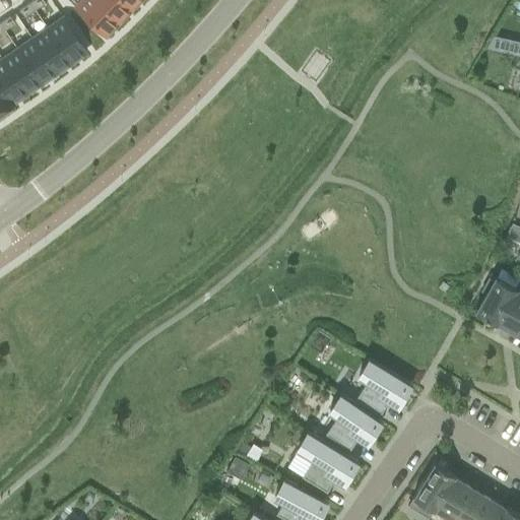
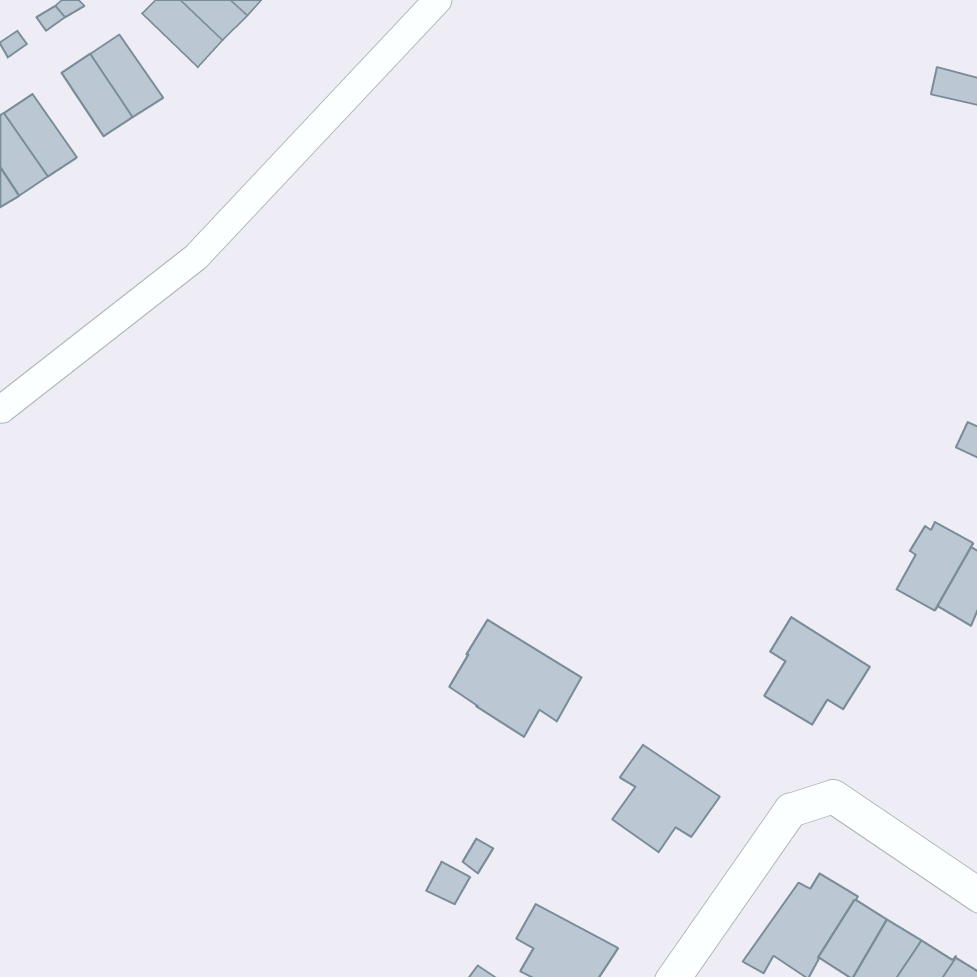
building: [19,41,57,85] -> none
building: [356,360,412,416] -> [764,617,870,725]
building: [288,433,359,495] -> [449,620,582,737]

